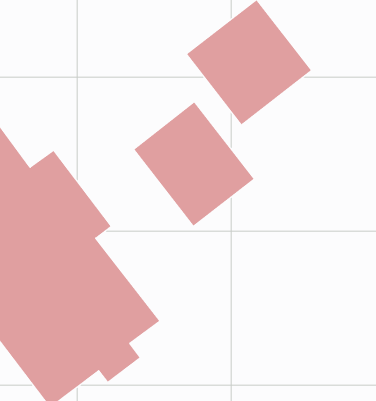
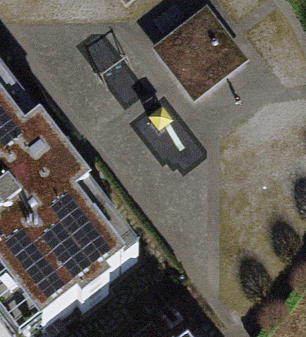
building: [133,102,254,227] -> none

